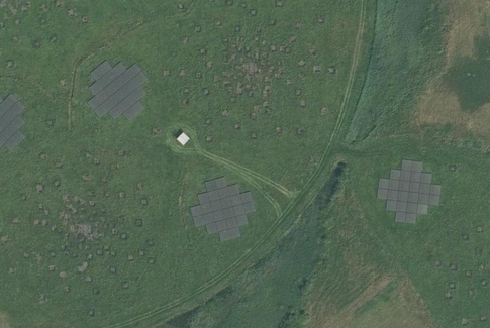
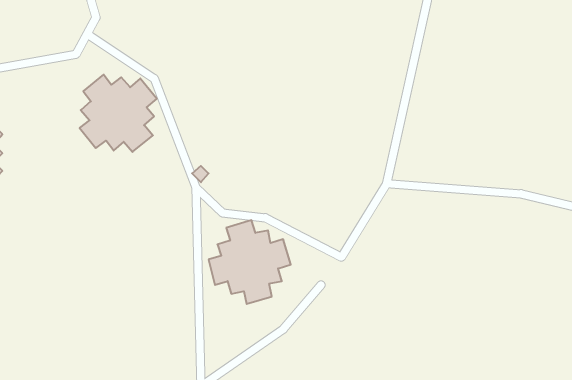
building: [375,159,439,224] -> none

